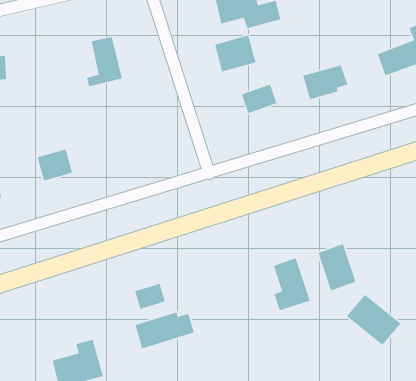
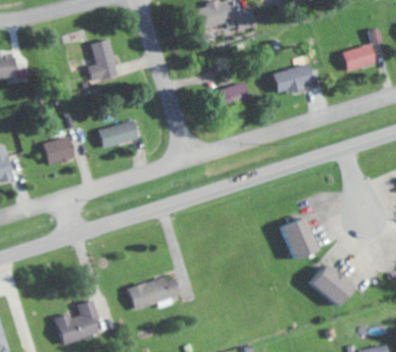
building: [214,35,256,72] -> none
building: none -> [97,120,138,149]
building: [273,257,311,311] -> none
building: [134,283,166,310] -> none

